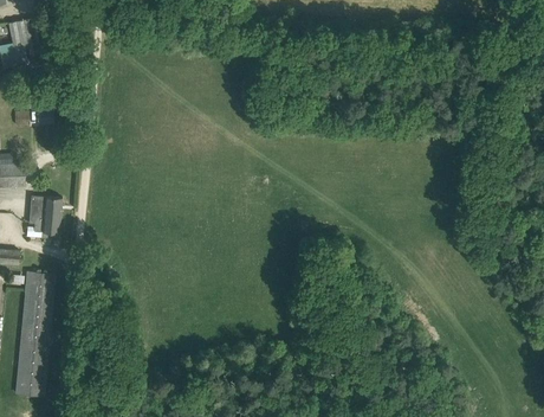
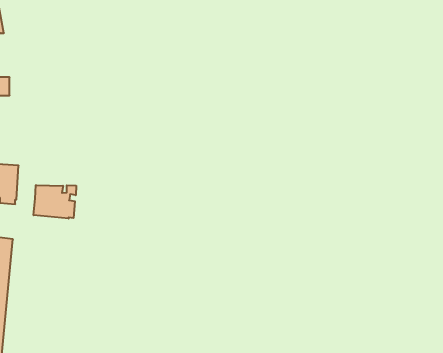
building: none -> [34,185,76,219]

